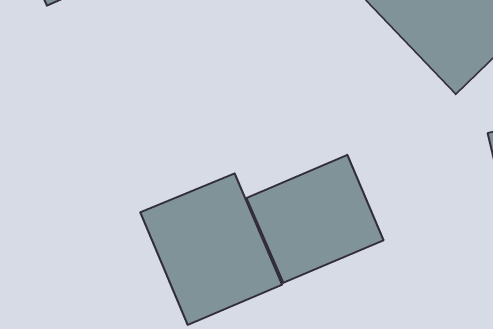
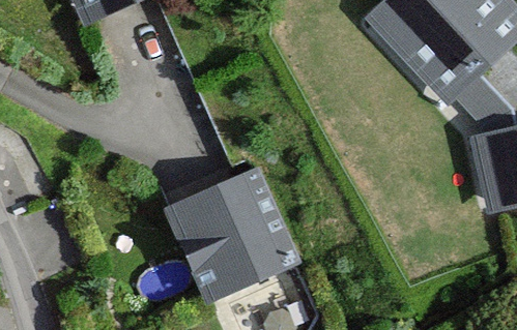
building: [246,155,383,283] -> none

